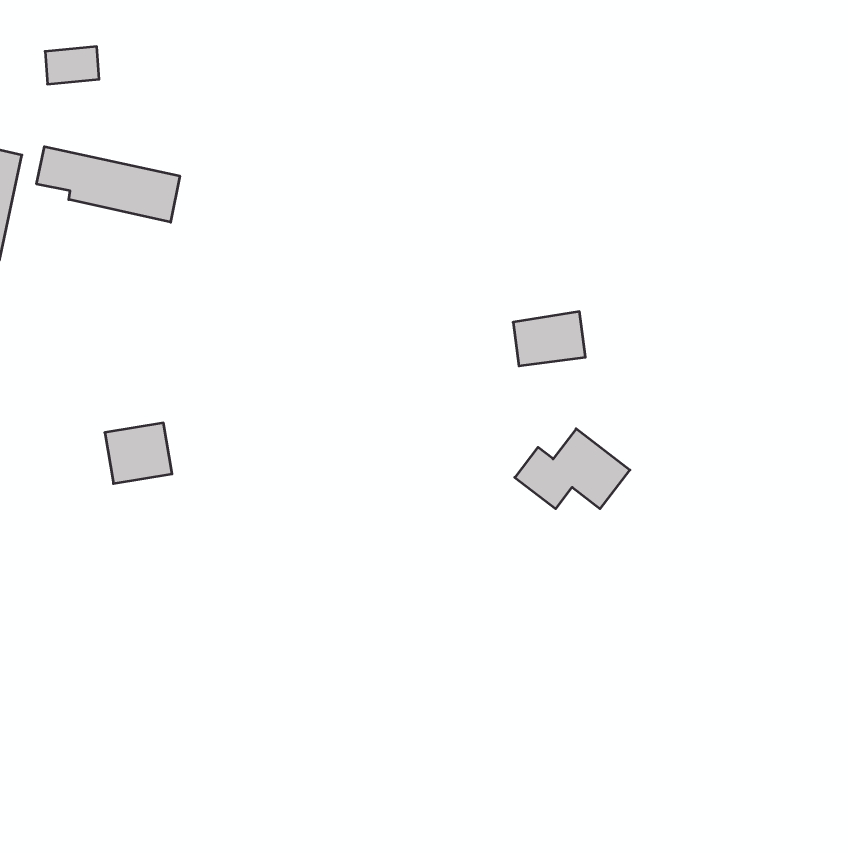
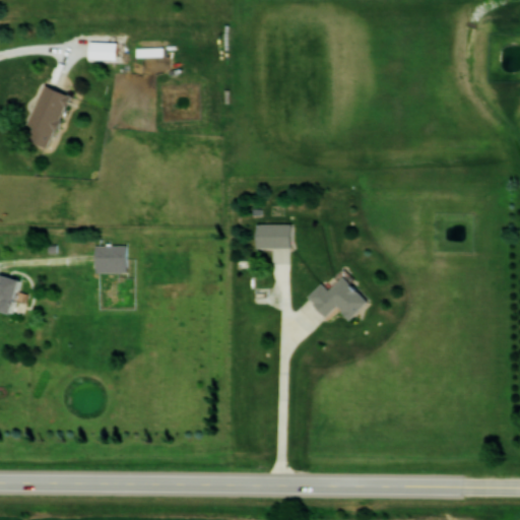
building: [37,147,180,222] -> none
building: [513,312,585,366] -> [255,224,290,249]

